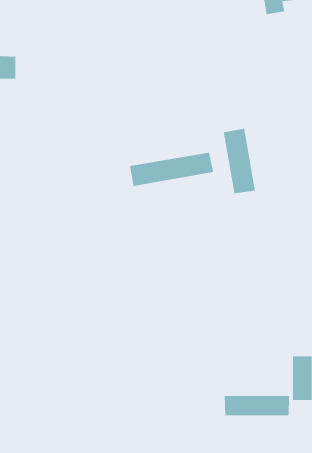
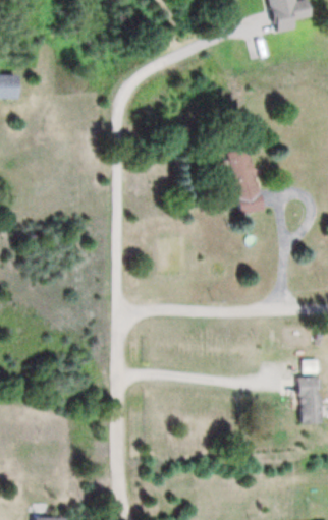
building: [129,152,214,187] -> none
building: [224,395,290,416] -> none

